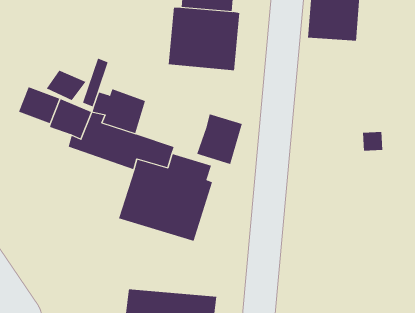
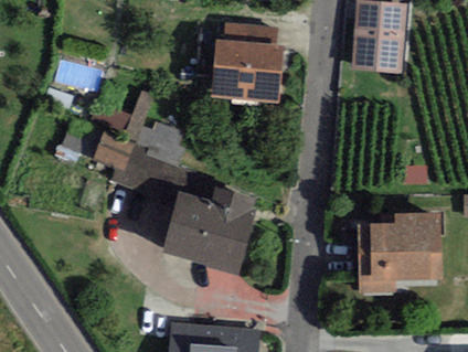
building: [197,114,242,165] -> none
building: none -> [357,213,442,291]

